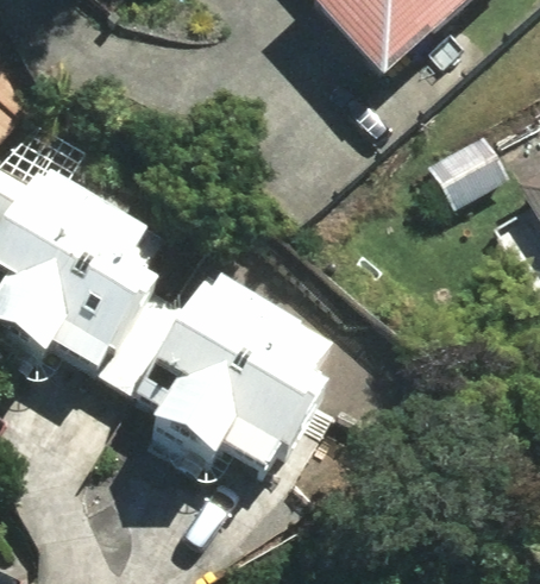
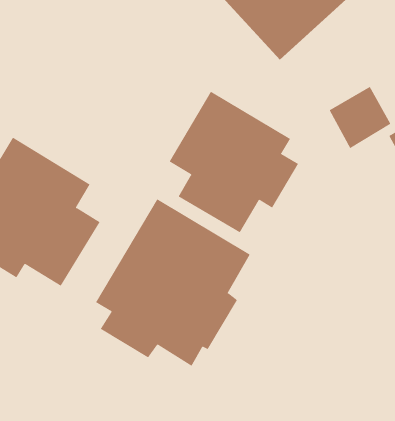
building: none -> [169,91,299,233]

